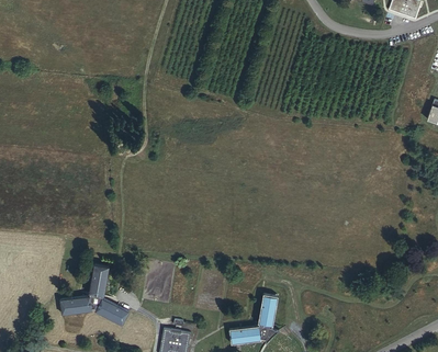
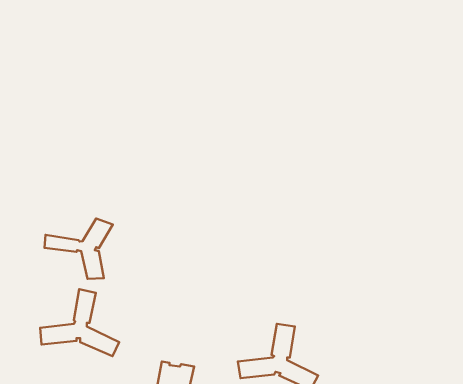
building: none -> [44,219,113,279]

